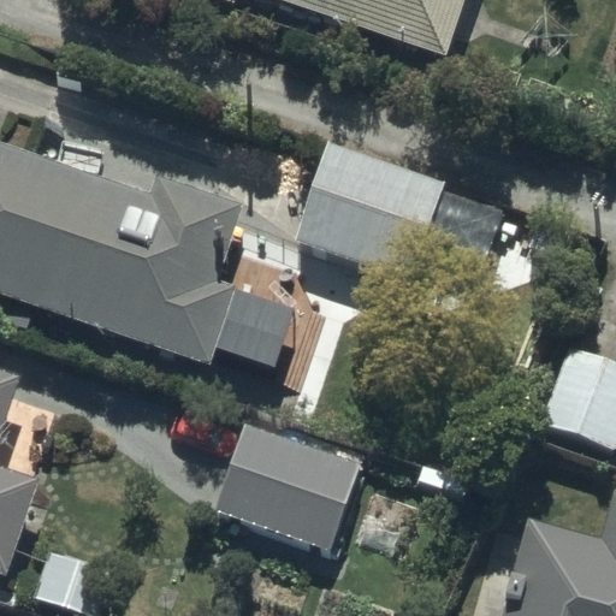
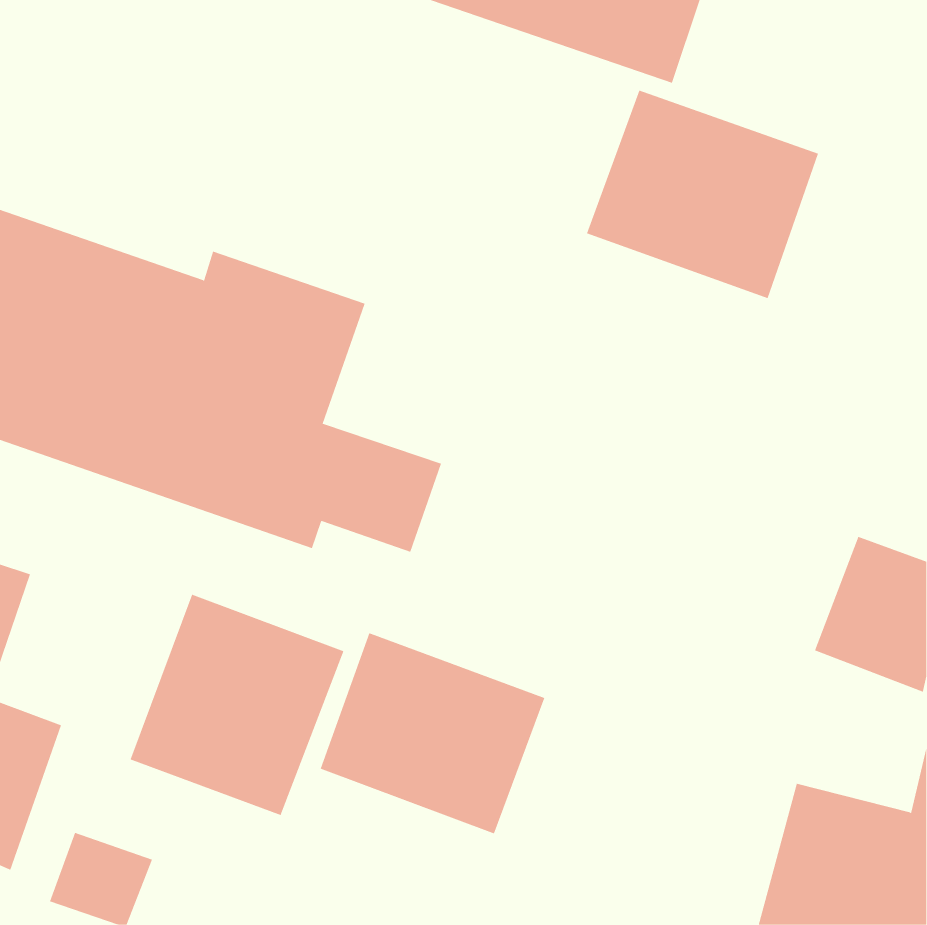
building: [291,142,445,280] -> [586,90,819,299]
building: none -> [130,594,344,816]

